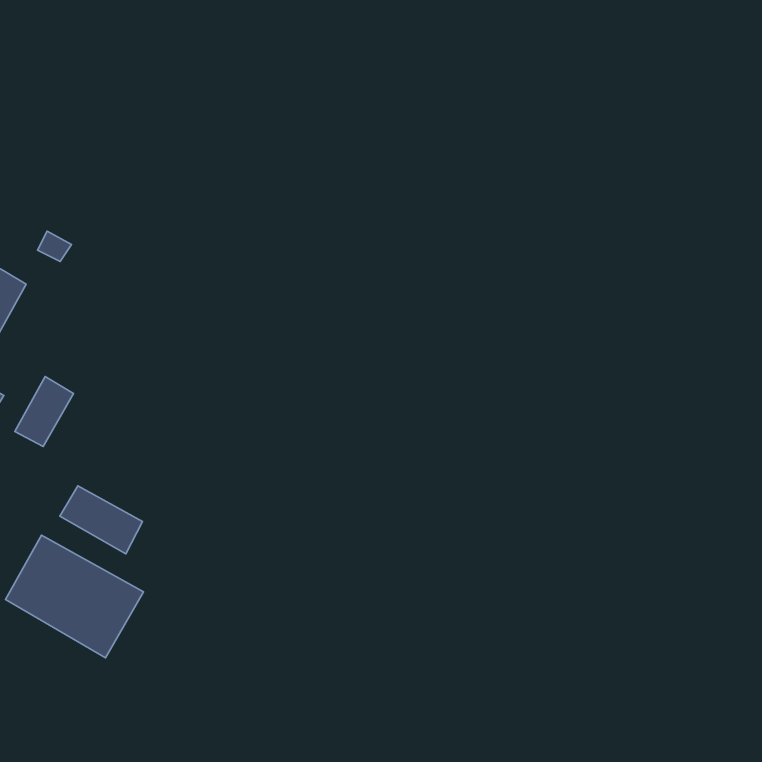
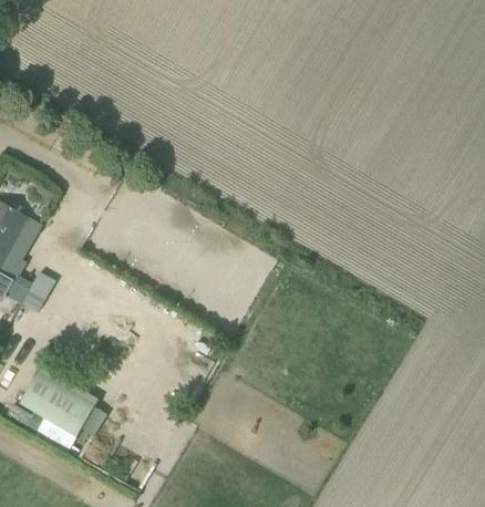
building: [60,486,142,554] -> none

